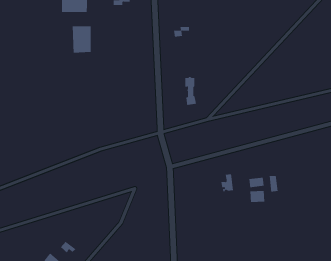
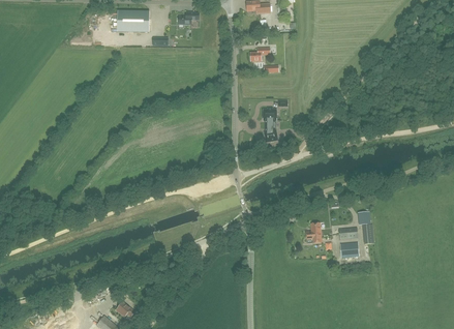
building: [72,25,91,53] -> none

